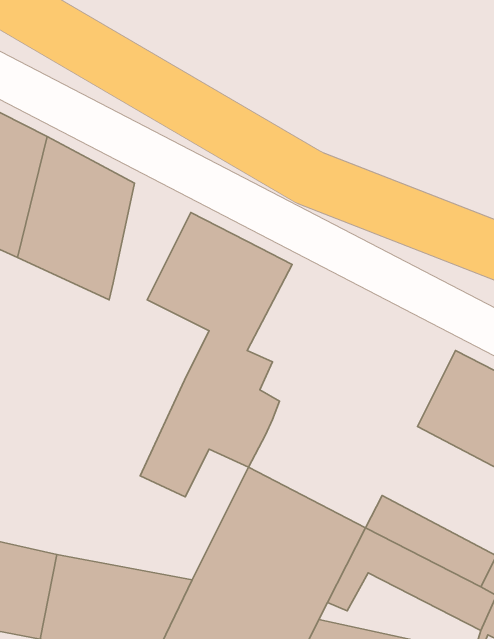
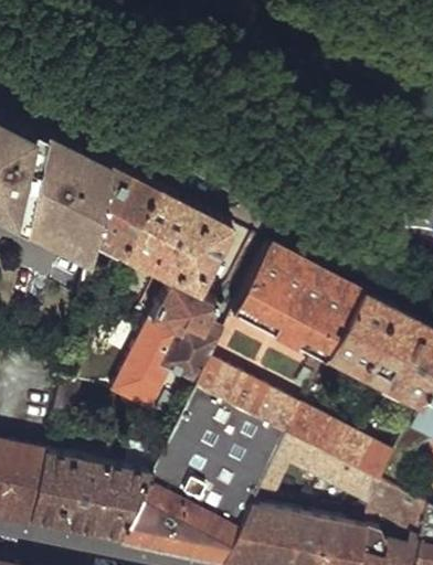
building: none -> [93,166,154,257]
building: none -> [218,247,361,397]
building: none -> [199,363,304,436]

